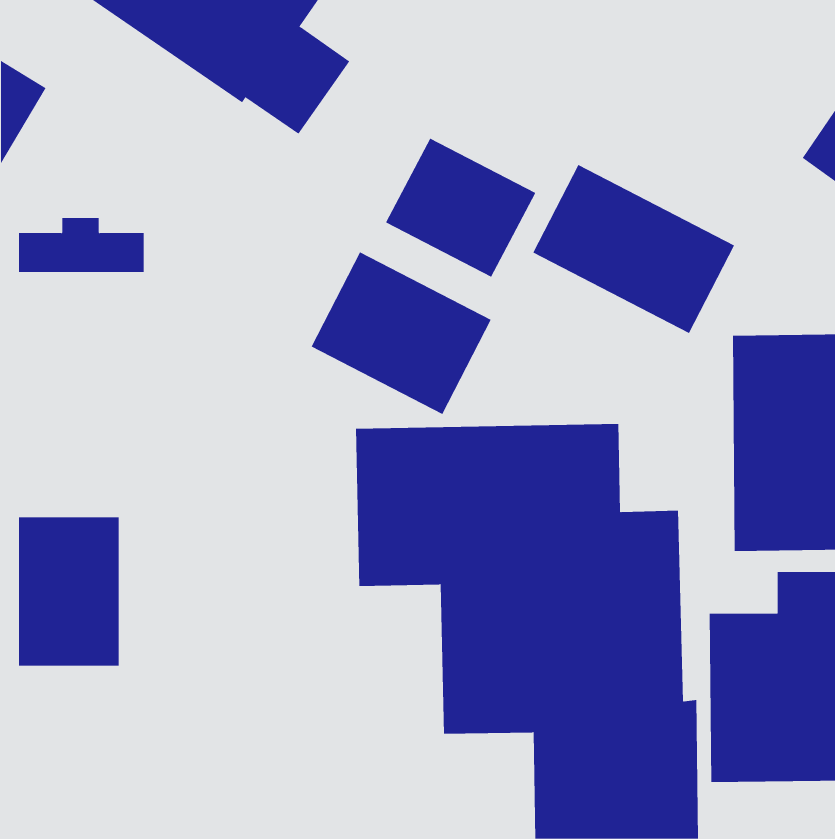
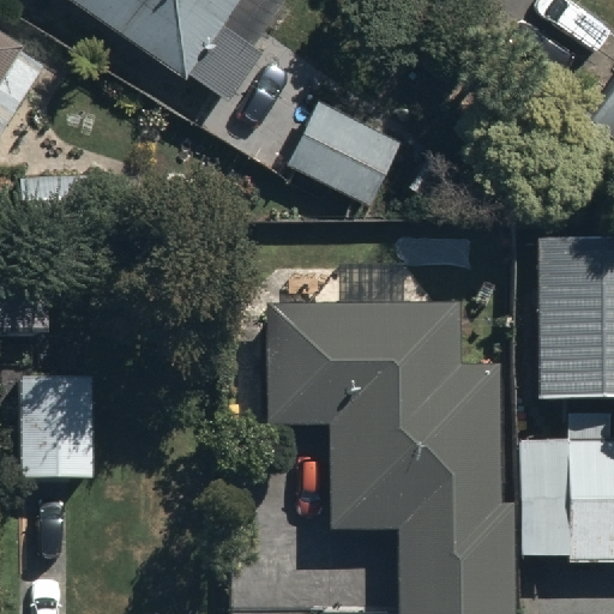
building: [533,164,735,334] -> none
building: [311,252,491,415] -> none

